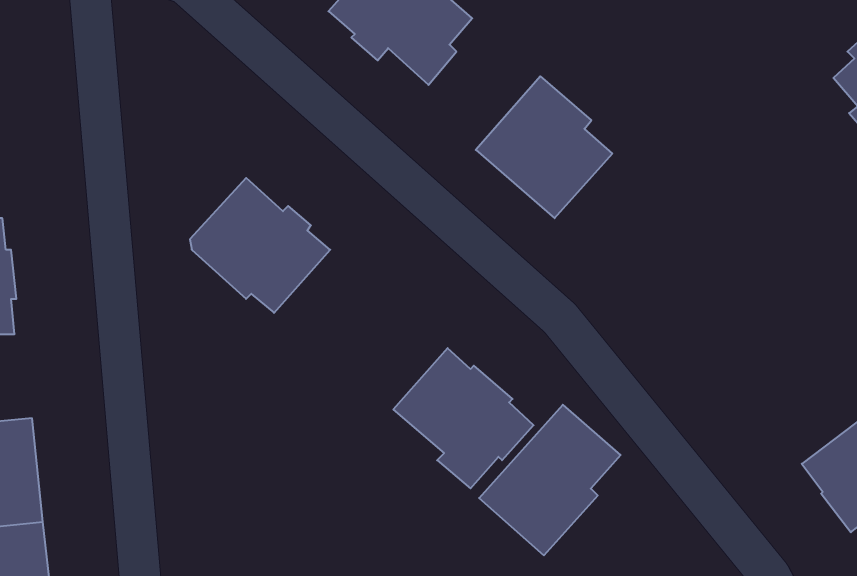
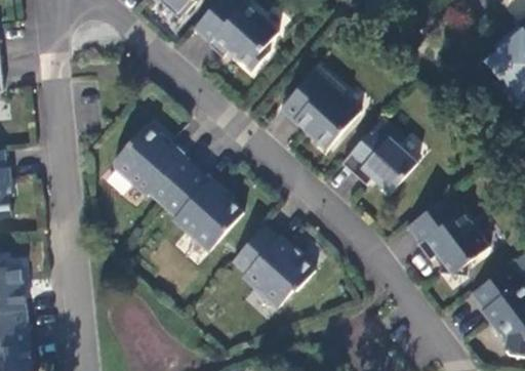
building: none -> [341,124,417,193]
building: none -> [162,167,243,251]
building: none -> [407,195,489,276]
building: [479,405,621,555] -> none

